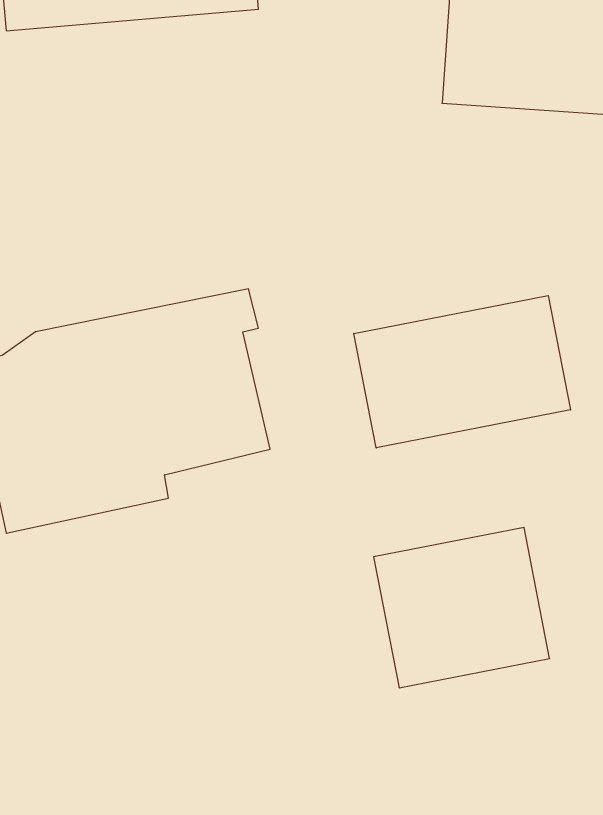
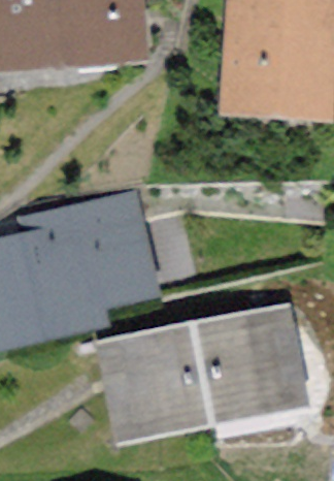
building: [354,296,571,448] -> none
building: none -> [123,342,215,426]

